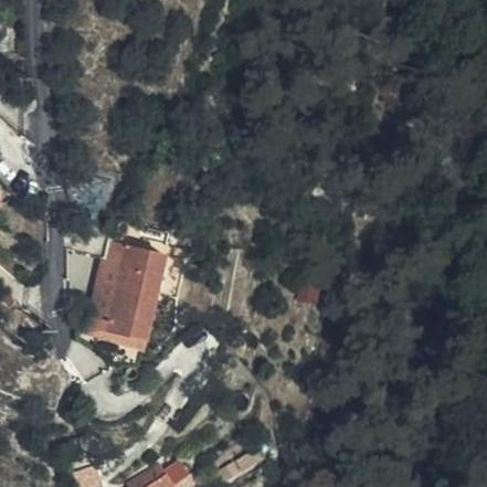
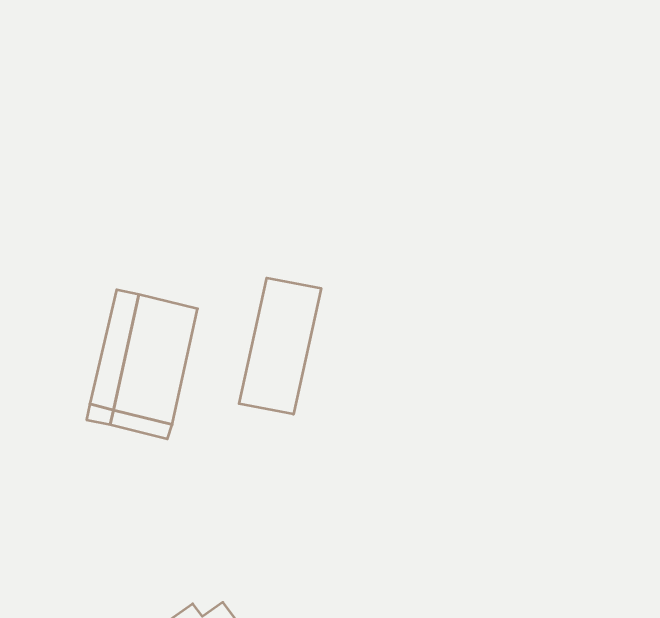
building: none -> [239,278,321,414]

